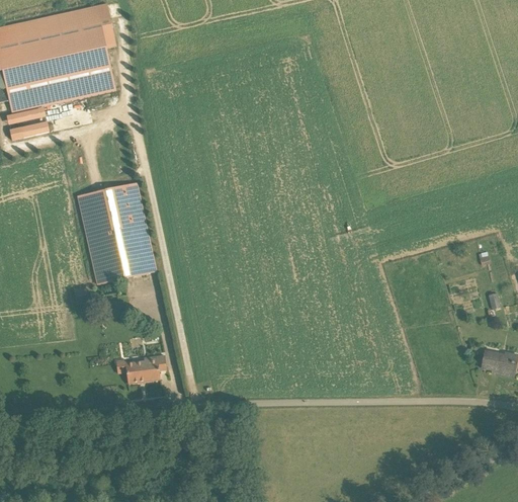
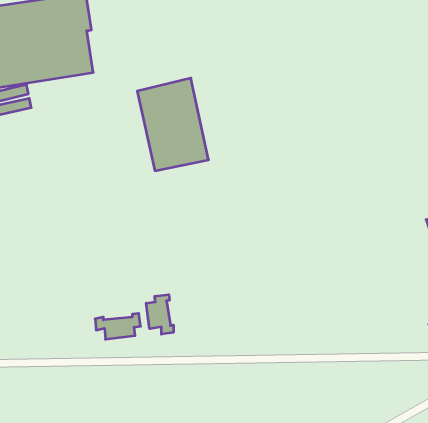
building: [78,182,156,283] -> [137,78,209,171]
building: none -> [146,295,173,334]

